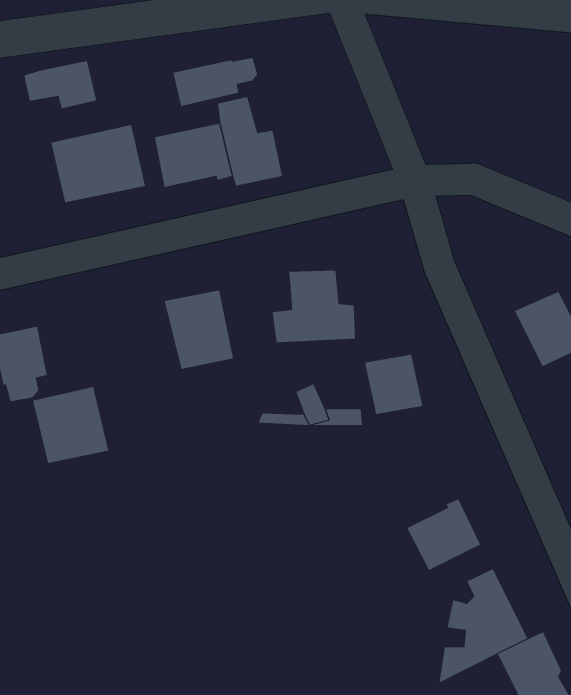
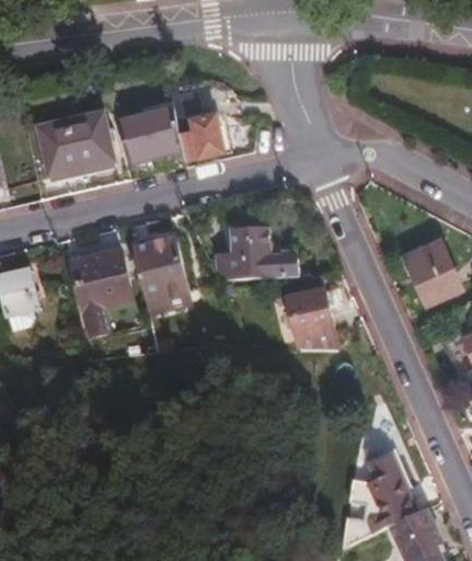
building: [173,57,258,107] -> none
building: [24,60,97,109] -> none
building: [32,386,109,464] -> [70,249,130,309]
building: [407,498,481,571] -> none

